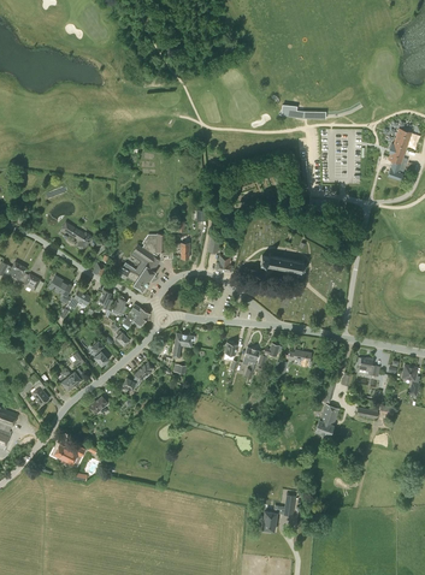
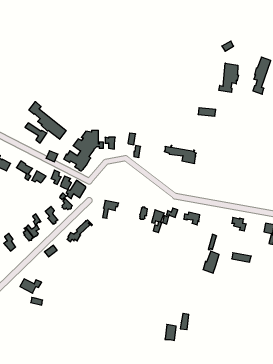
building: none -> [219,63,238,92]
building: none -> [29,102,66,139]

